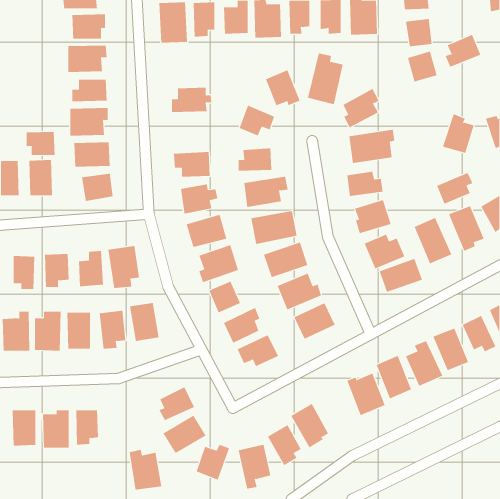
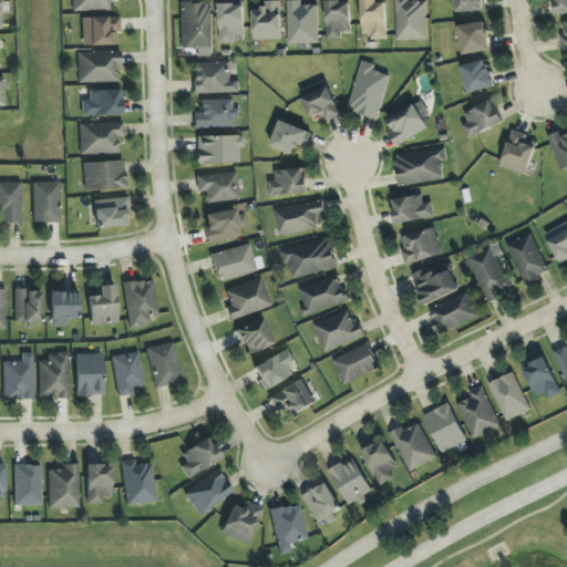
building: [445,34,481,68] -> [462,100,503,137]
building: none -> [193,61,239,93]
building: none -> [196,135,244,163]
building: [26,131,55,156] -> none
building: [437,172,473,205] -> none
building: none -> [362,439,398,485]
building: [129,449,162,490] -> [120,458,157,505]

